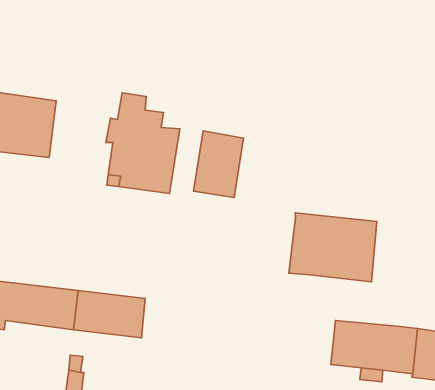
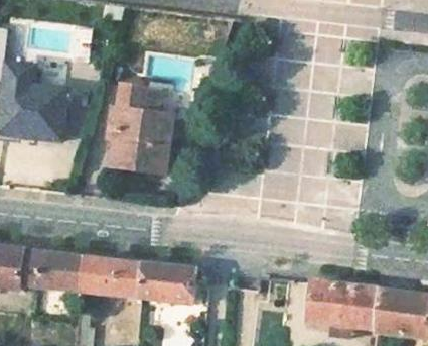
building: [193,131,244,198] -> none
building: [289,213,377,282] -> none
building: none -> [138,263,194,304]

